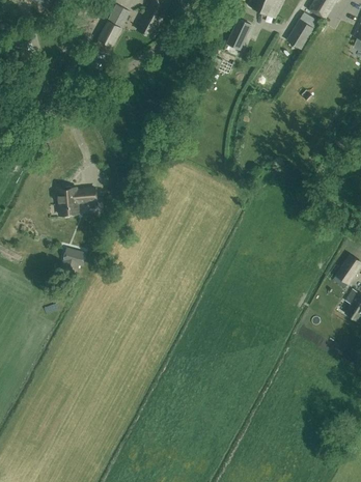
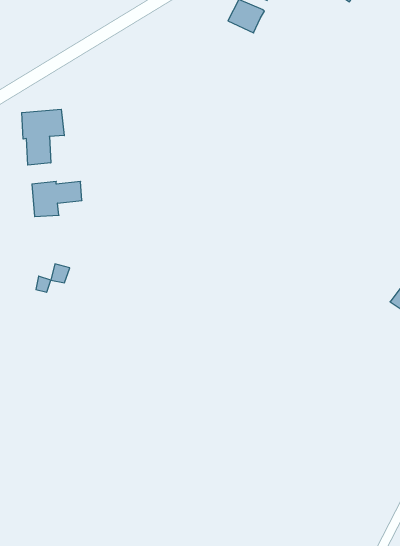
building: none -> [22,109,64,165]

